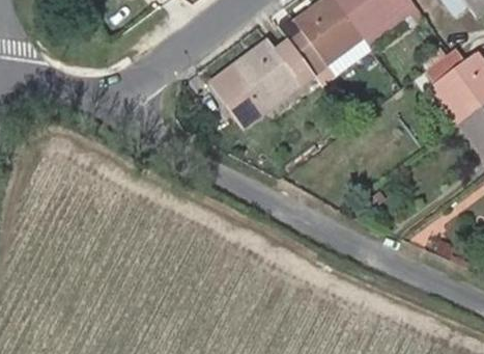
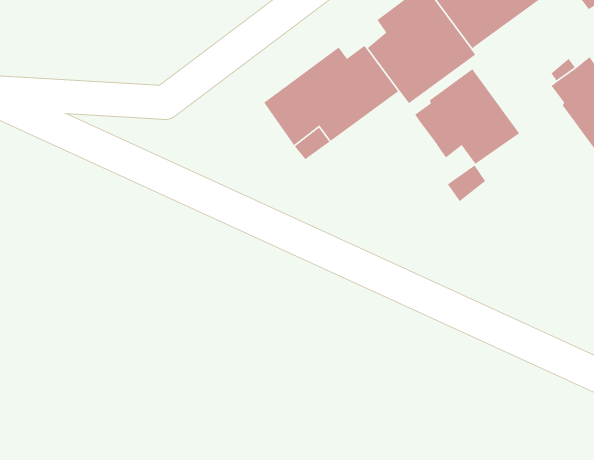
building: none -> [414,68,520,165]

